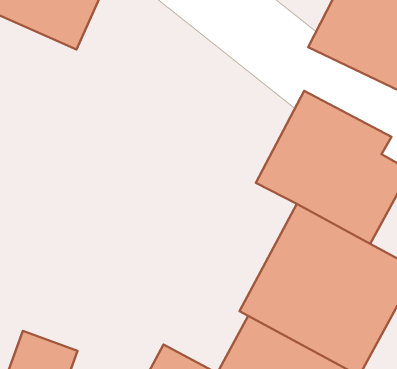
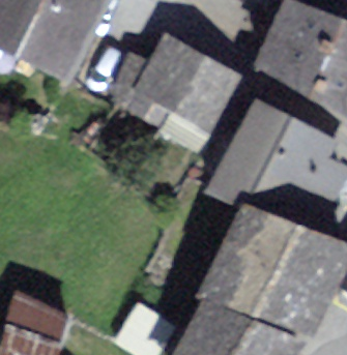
building: none -> [141,40,230,124]

